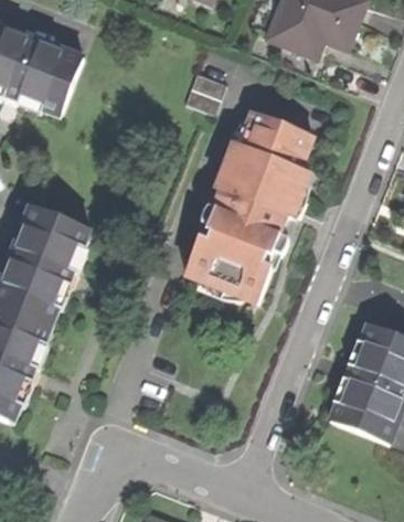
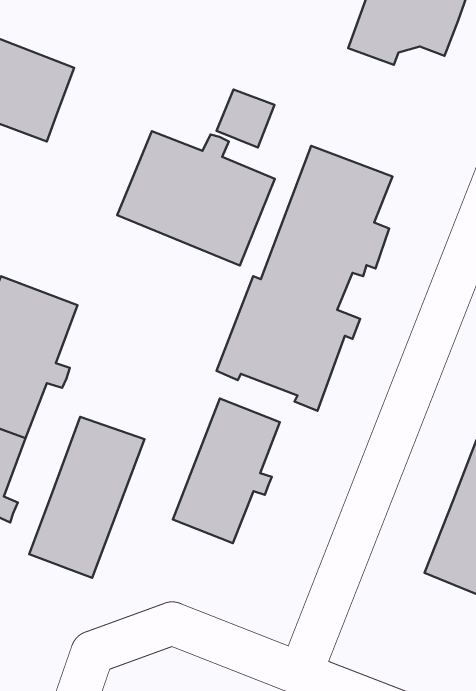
building: none -> [117,131,275,265]
building: none -> [173,398,280,543]
building: none -> [29,417,144,578]

